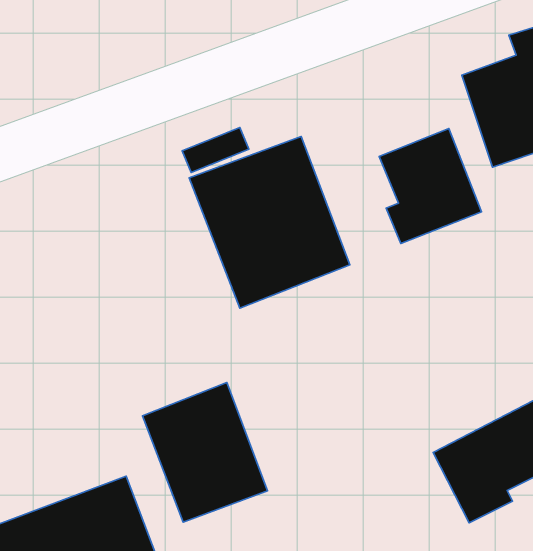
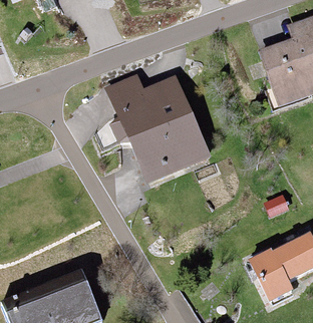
building: [379,128,481,243] -> none
building: [142,382,268,522] -> none

